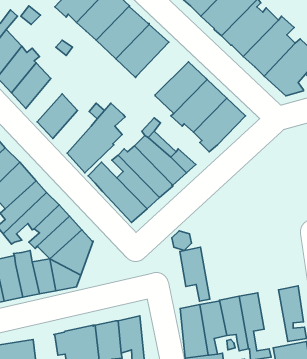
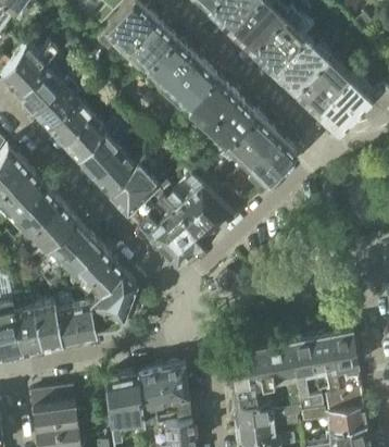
building: none -> [183,76,237,132]
building: none -> [66,114,105,160]
building: none -> [95,148,135,193]
building: [180,247,210,301] -> [310,336,341,393]

